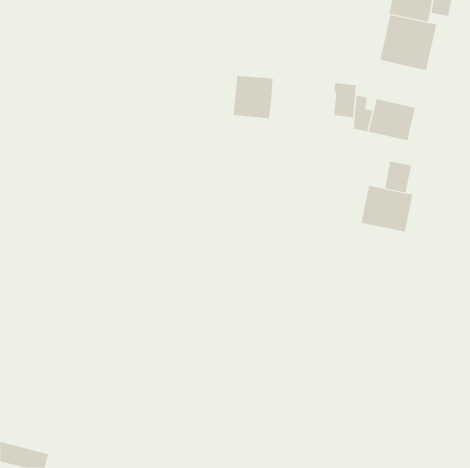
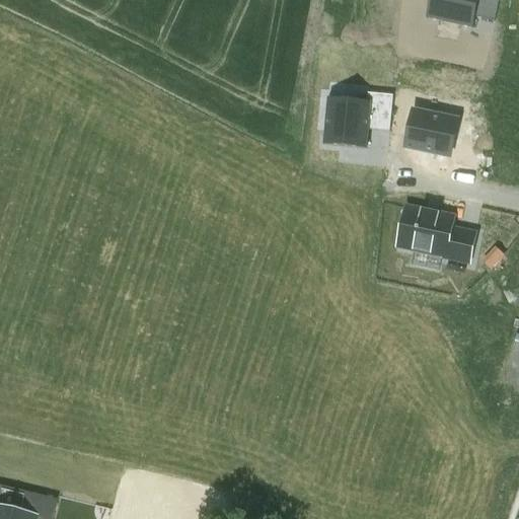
building: [380,14,437,71] -> none
building: [233,75,274,119] -> [324,98,369,146]
building: [384,161,412,193] -> [446,225,476,261]

